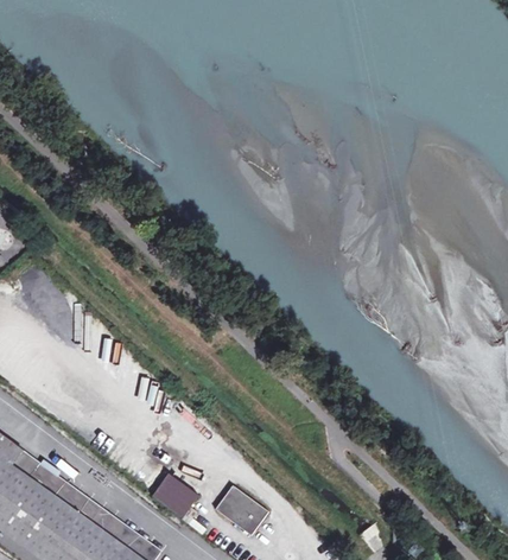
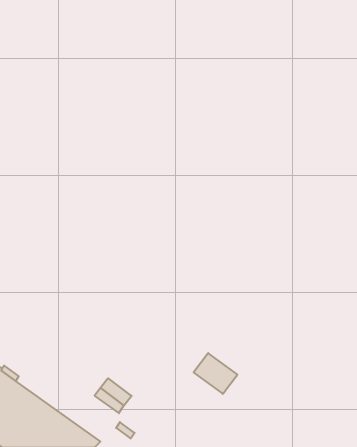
building: [214,486,267,536] -> [194,353,237,394]

